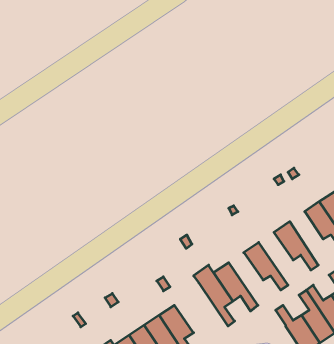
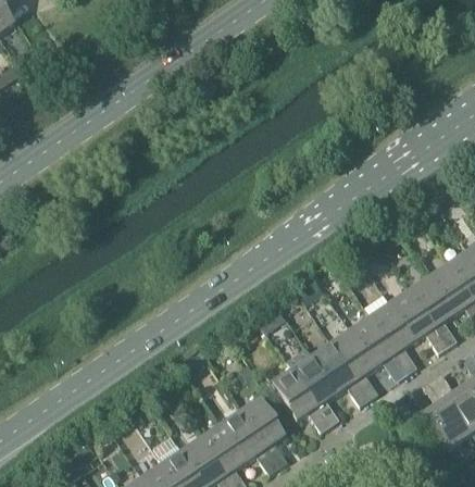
building: none -> [410,276,455,346]
building: none -> [370,303,416,372]
building: none -> [330,329,377,398]
building: none -> [271,369,329,432]

